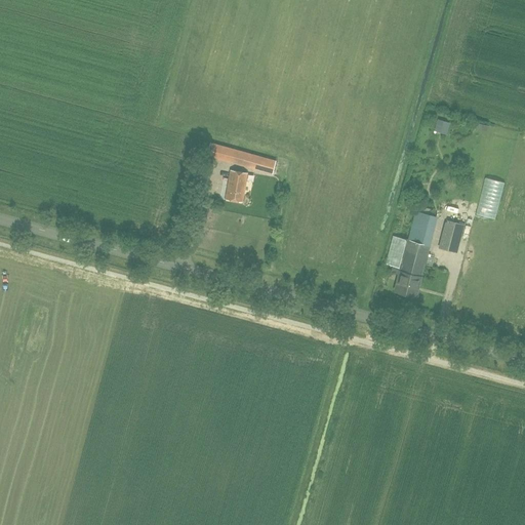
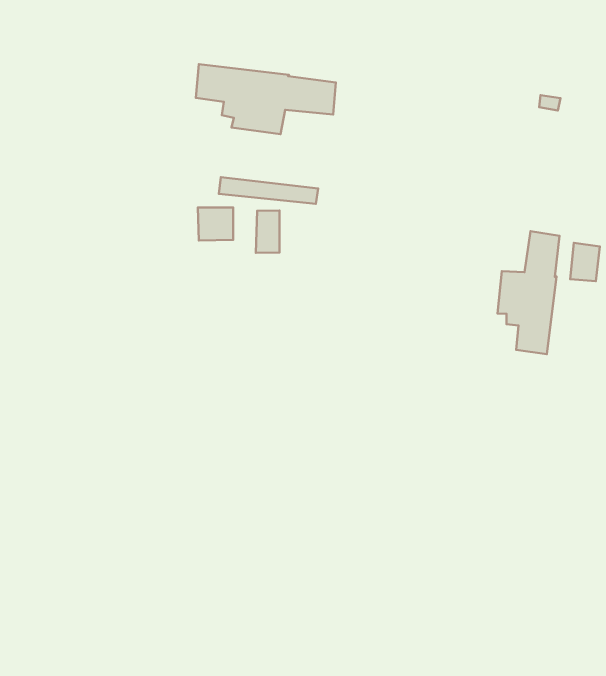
building: none -> [196,64,336,134]
building: none -> [198,207,233,241]

